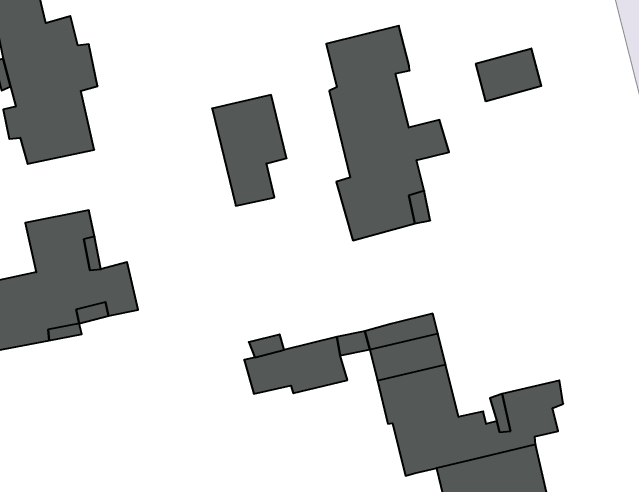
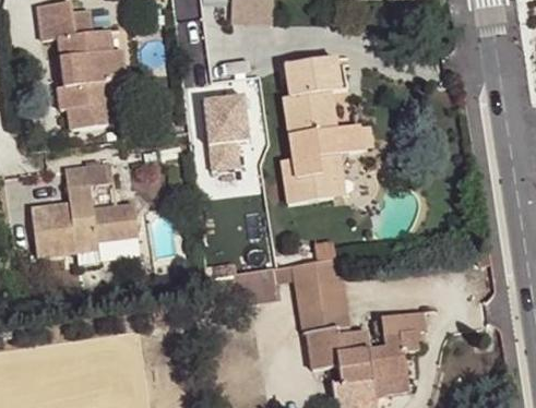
building: [476,48,541,101] -> none

